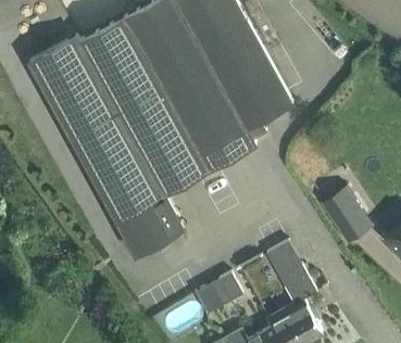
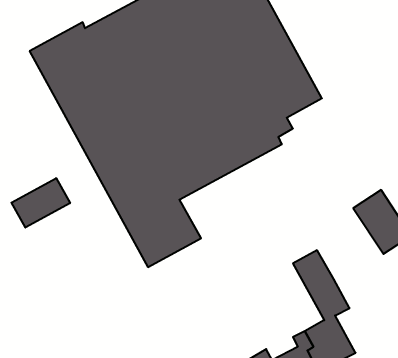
building: none -> [11,178,70,228]
building: [195,272,243,315] -> none

